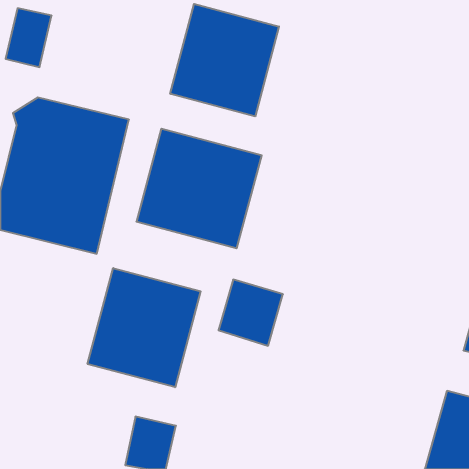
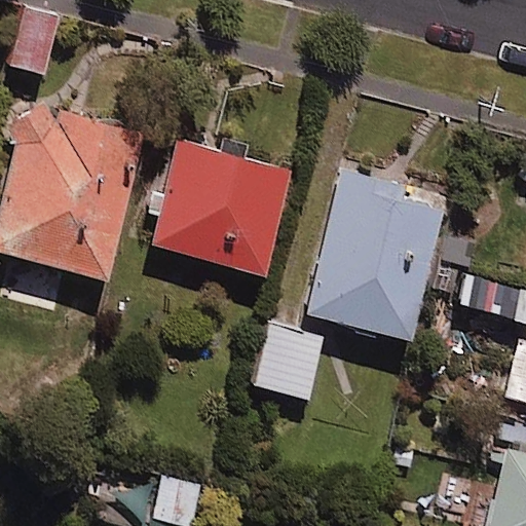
building: [170,4,279,116] -> none
building: none -> [293,157,436,323]
building: [88,268,201,387] -> none

